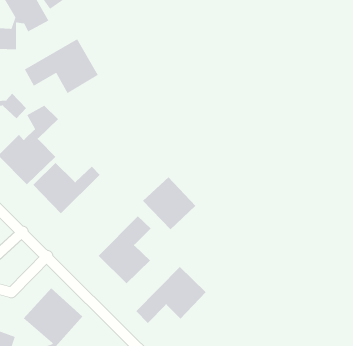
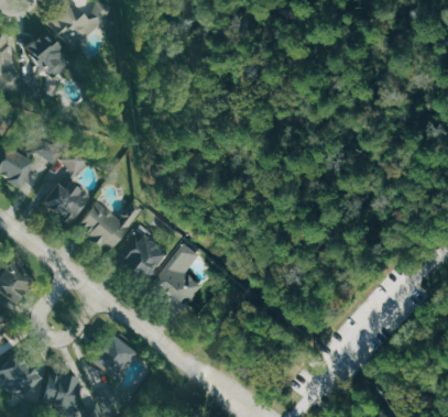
building: [24,38,99,94] -> none
building: [142,177,196,230] -> [113,230,167,283]
building: [136,266,206,324] -> none

